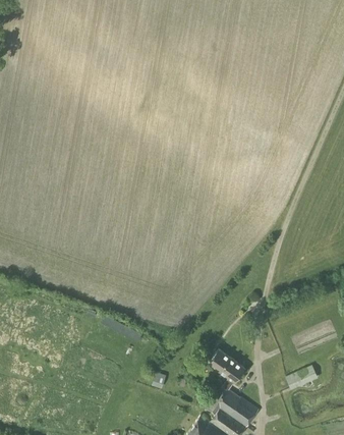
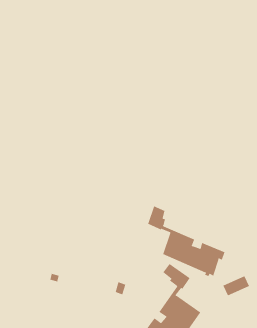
building: none -> [147,206,225,277]

